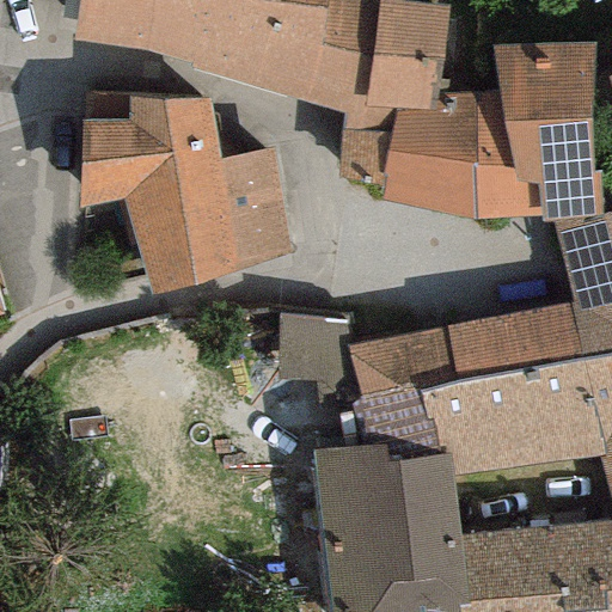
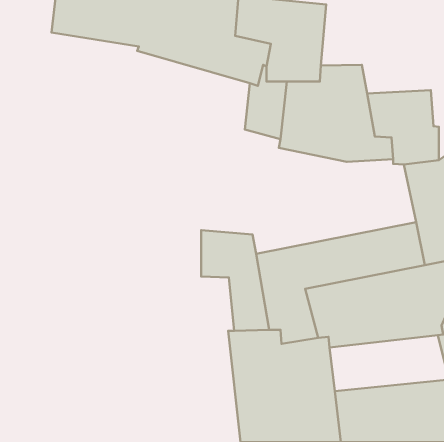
building: [492,45,598,128] -> none
building: [80,90,289,290] -> none

